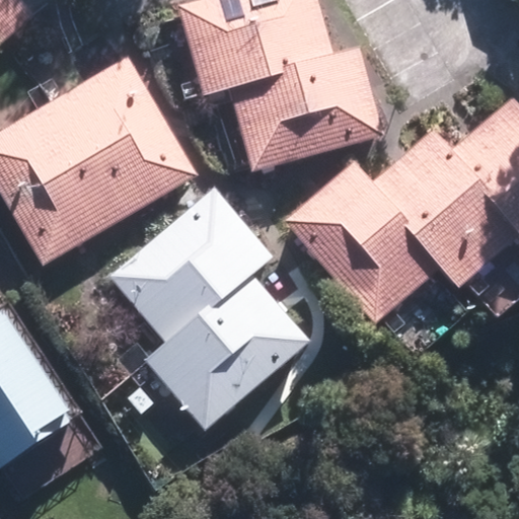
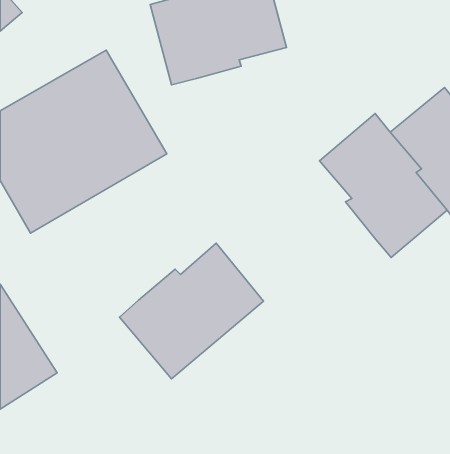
building: [230,47,384,171] -> none
building: [281,161,434,326] -> none
building: [107,186,275,341] -> none

